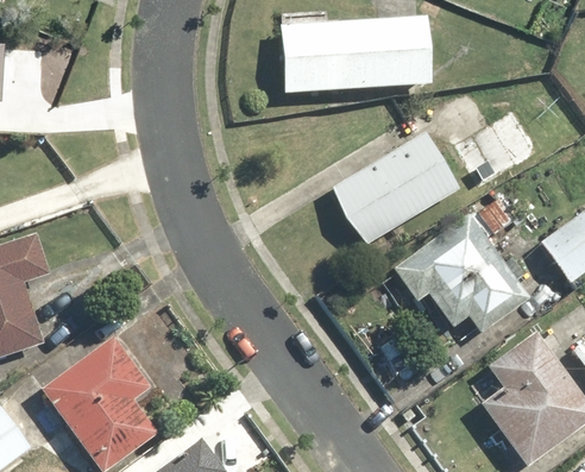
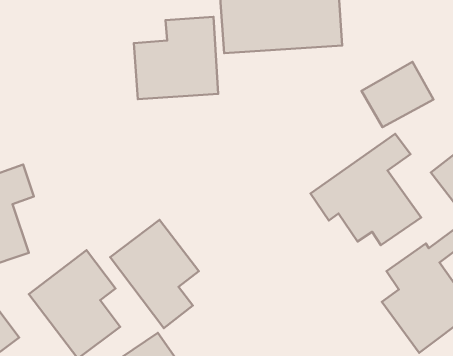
building: none -> [134,17,218,99]
building: [334,132,458,243] -> none
building: none -> [110,220,199,328]

